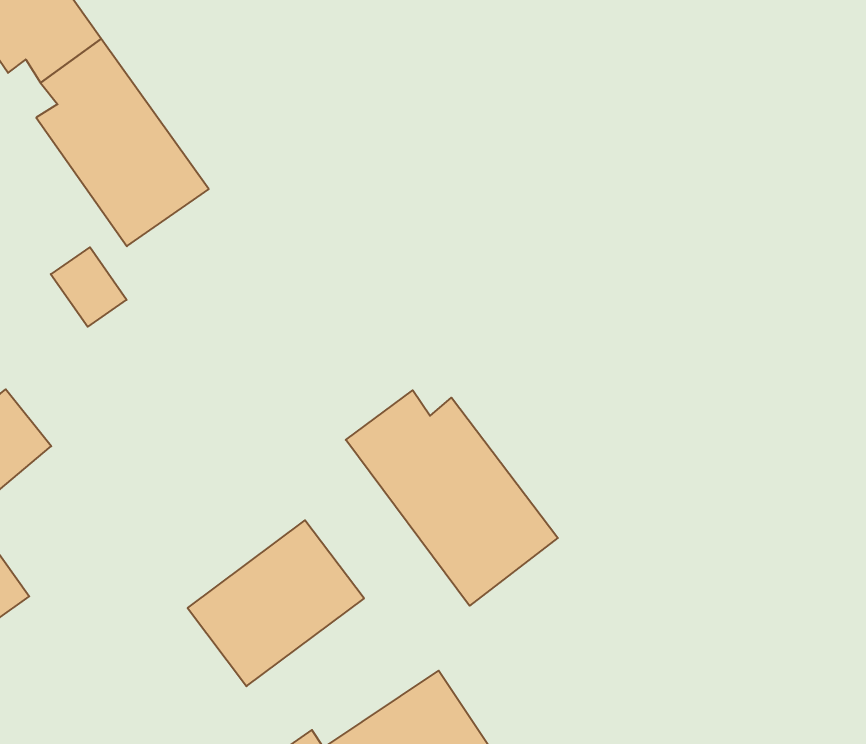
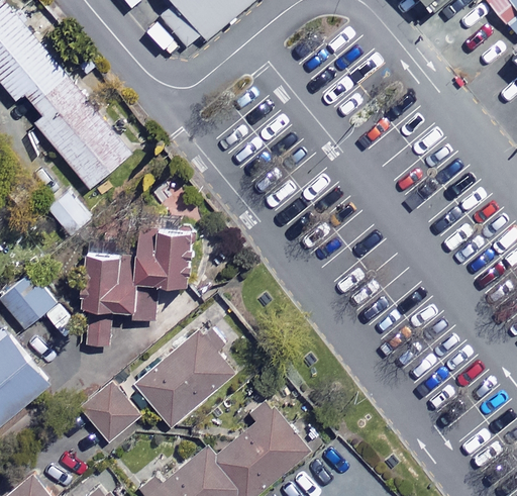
building: none -> [84,235,193,344]
building: [346,390,558,606] -> none
building: none -> [82,385,138,441]

